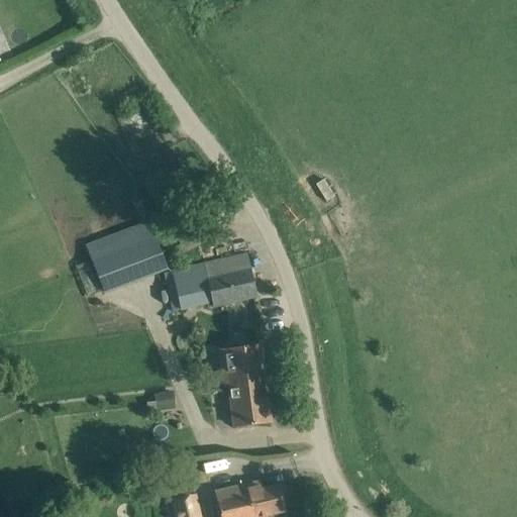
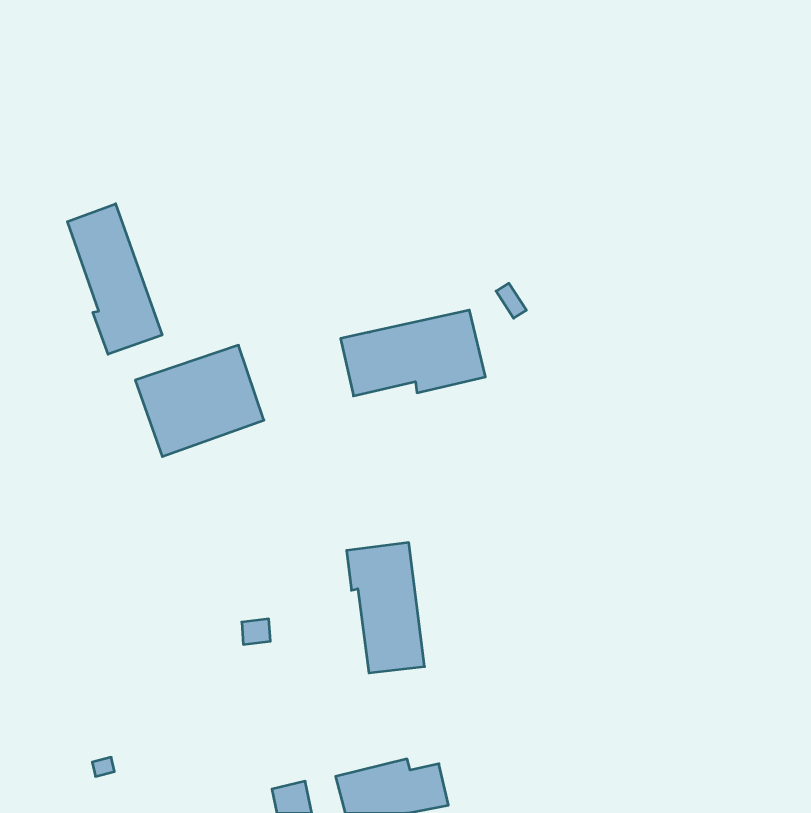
building: none -> [67,204,162,354]
building: [166,254,257,309] -> [341,310,485,396]

